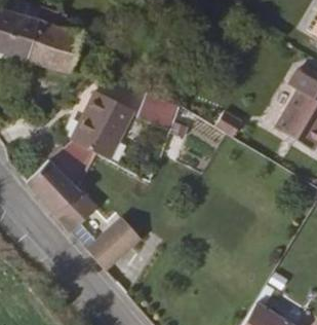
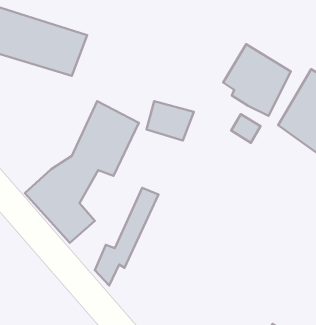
building: none -> [223,44,291,116]

